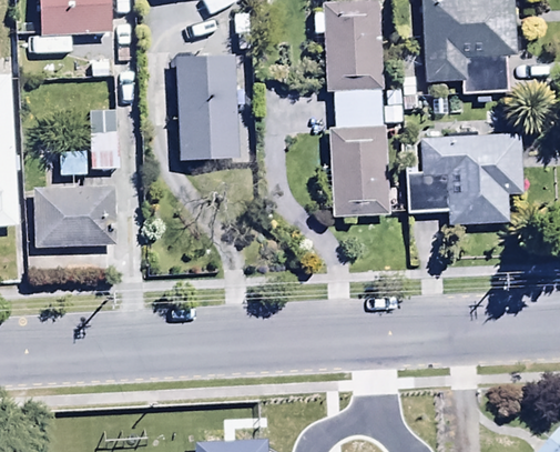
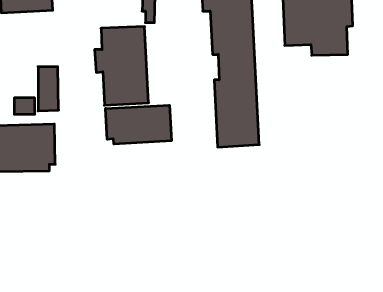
building: [407,133,523,223] -> none
building: none -> [106,105,171,144]

